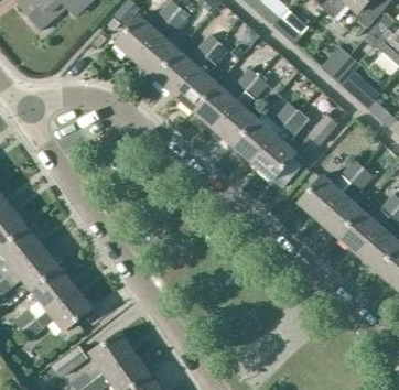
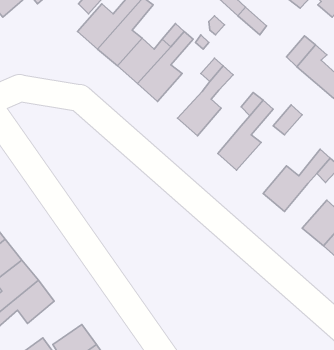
building: [193,83,237,127] -> none
building: [233,117,276,162] -> none
building: [319,192,360,236] -> none

